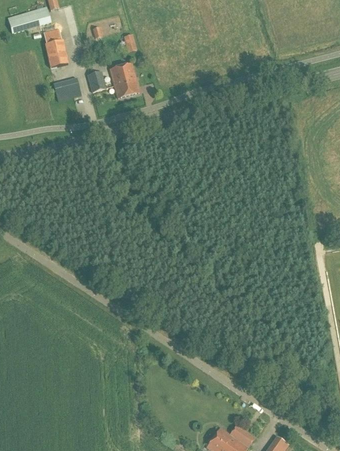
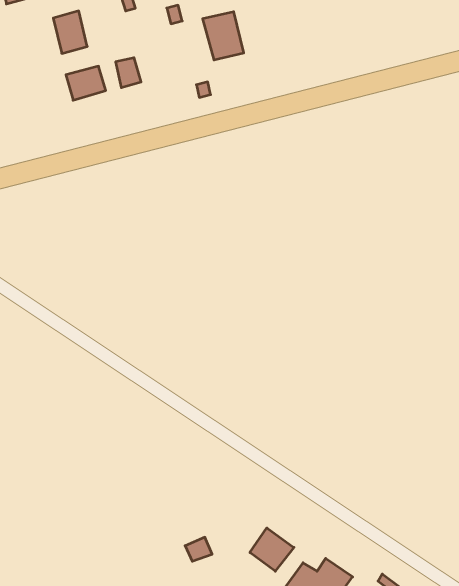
building: [110,63,139,97] -> [203,12,244,60]
building: none -> [250,528,294,571]

